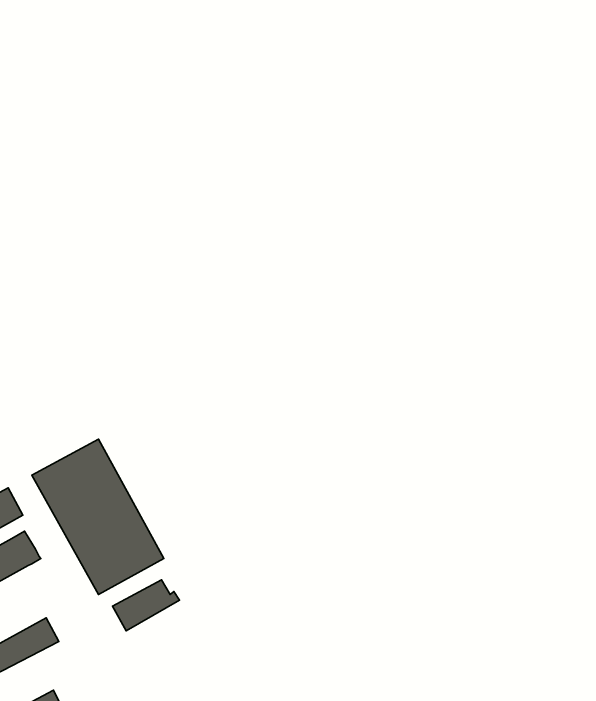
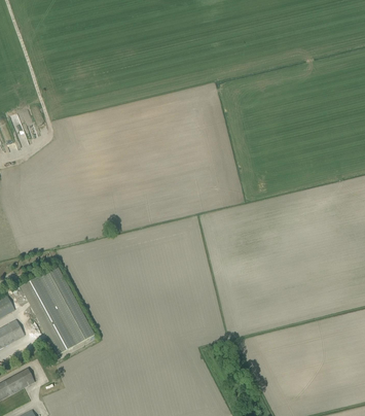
building: [113,580,179,631] -> none

